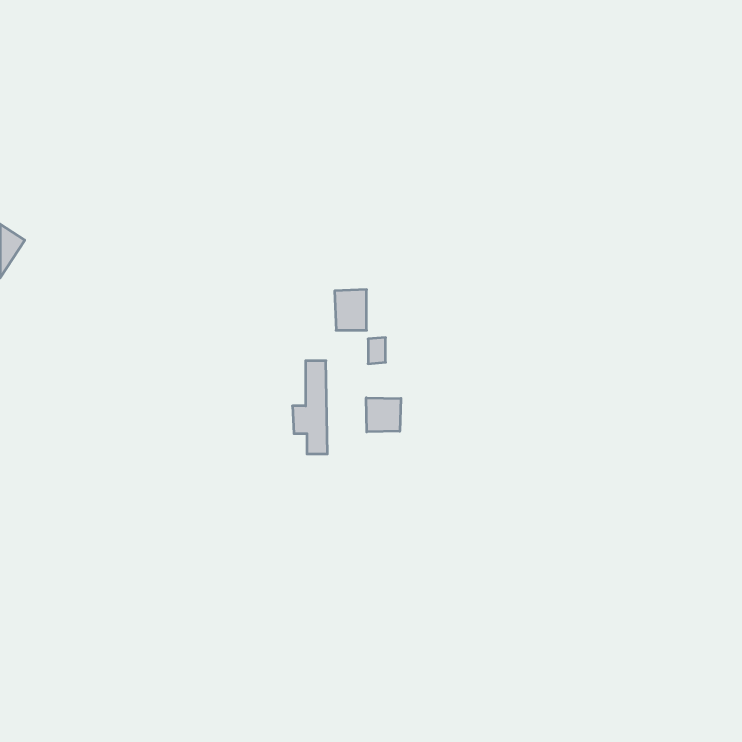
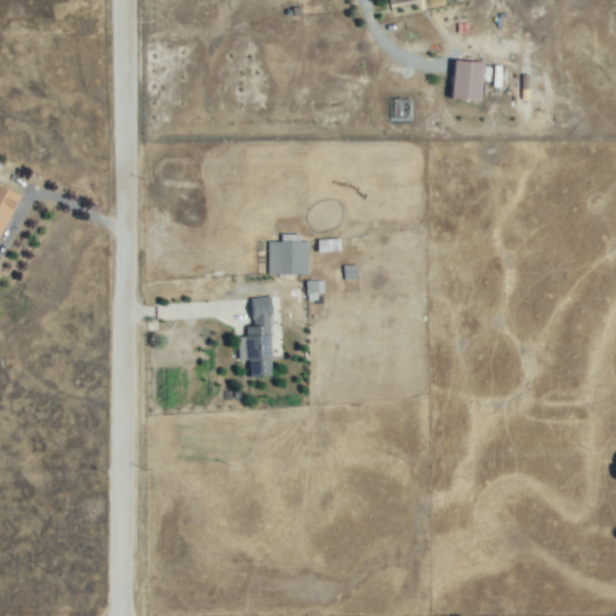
building: none -> [455,61,484,99]
building: [366,398,401,432] -> none

